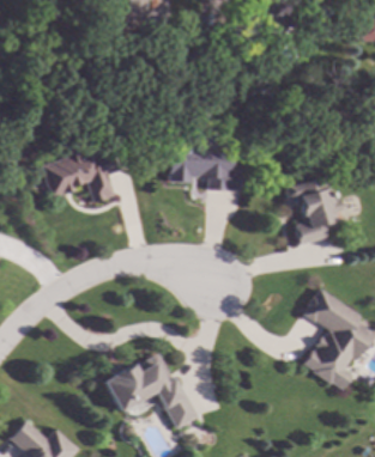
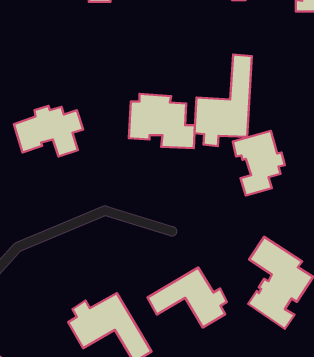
building: none -> [195,54,252,146]
building: none -> [147,268,227,328]

